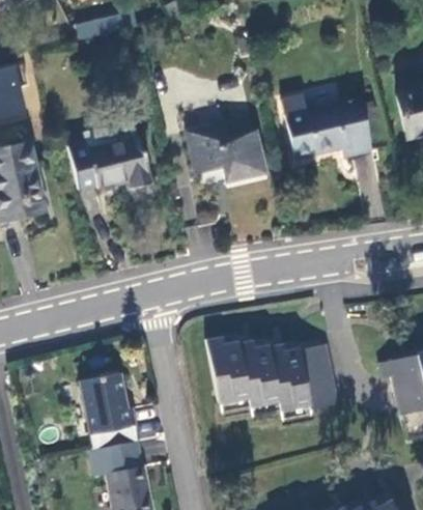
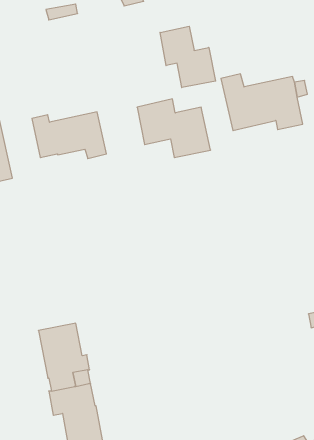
building: none -> [160,26,216,88]
building: [205,335,336,409] -> none

